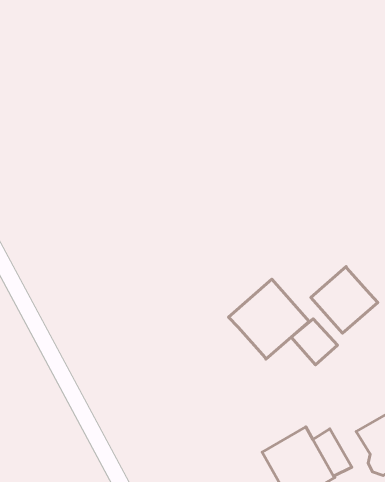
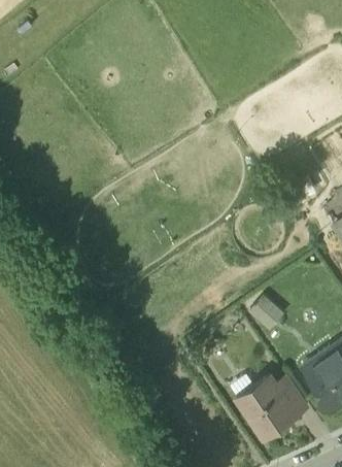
building: [311,267,378,333] -> none
building: [229,279,309,359] -> none

